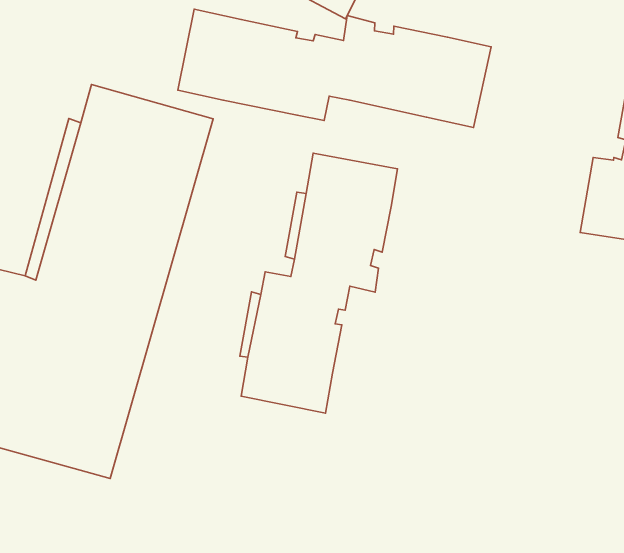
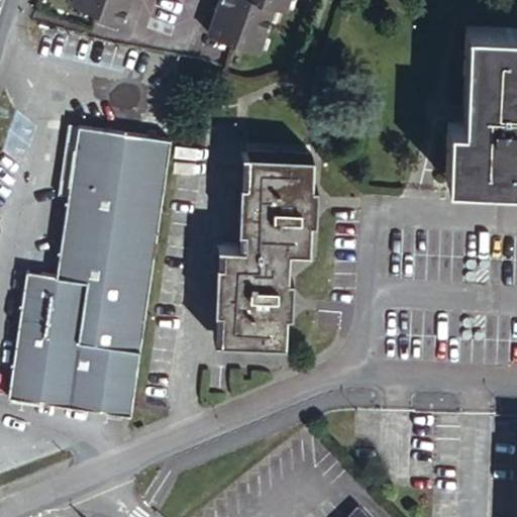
building: [178,9,491,128] -> none

